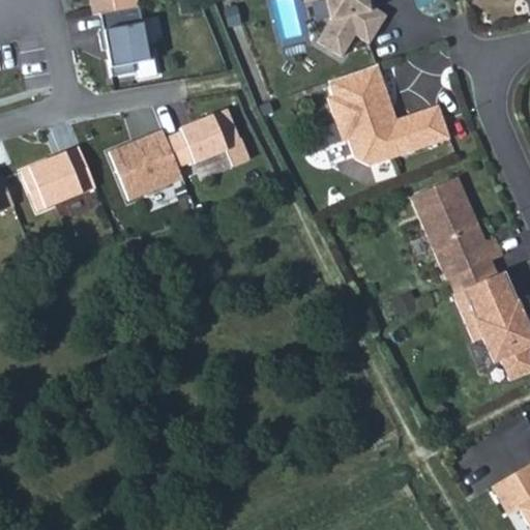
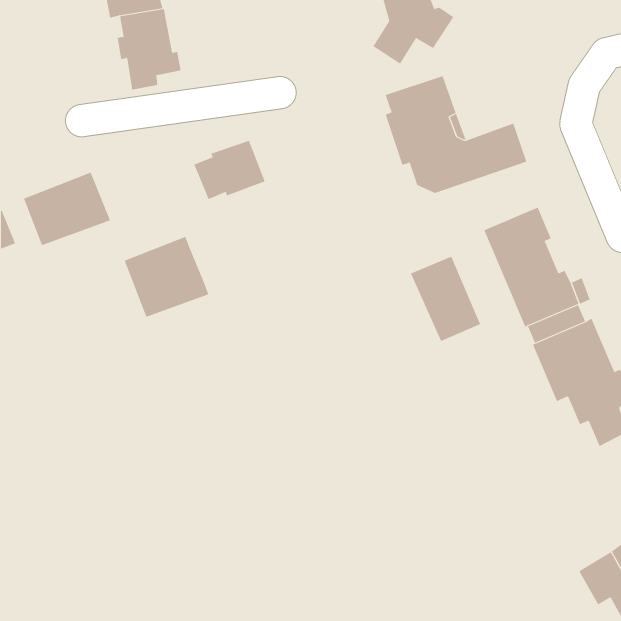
building: [110,131,182,201] -> [124,236,209,318]
building: none -> [410,256,481,342]

